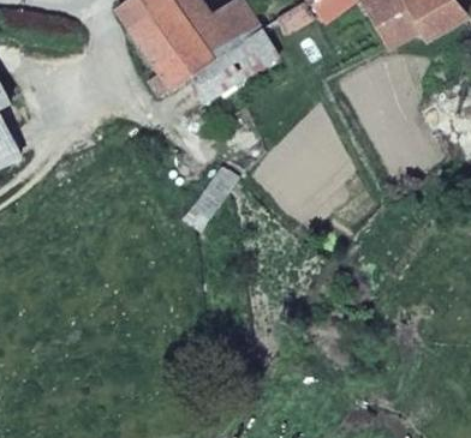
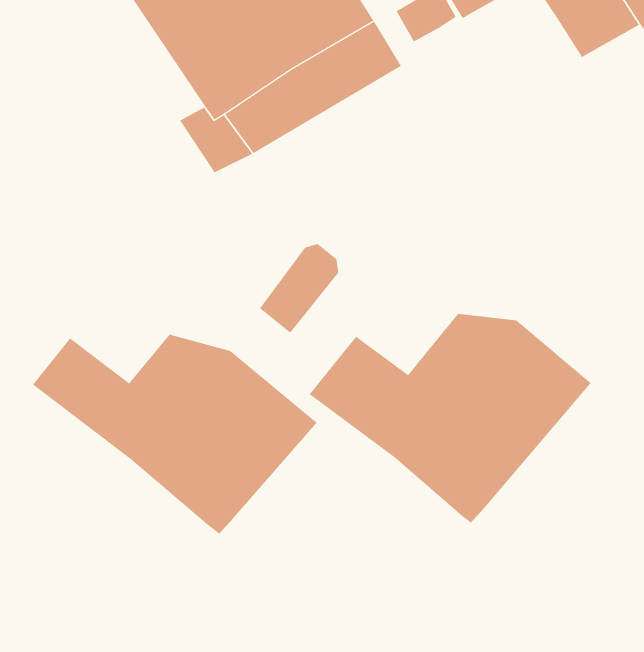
building: none -> [309,313,592,524]
building: none -> [32,334,317,534]

